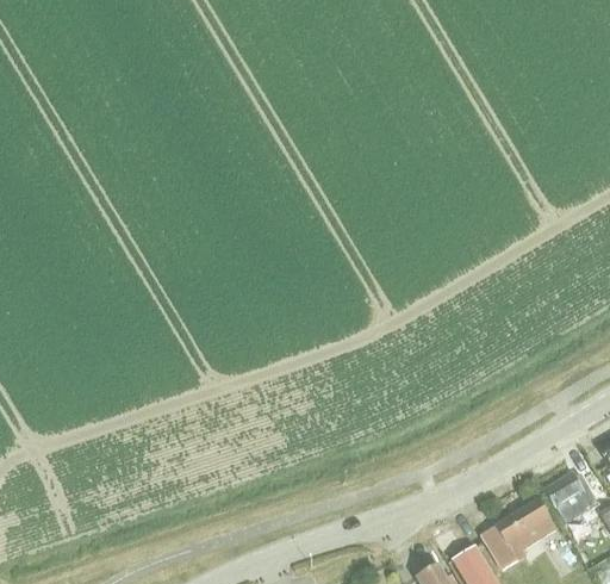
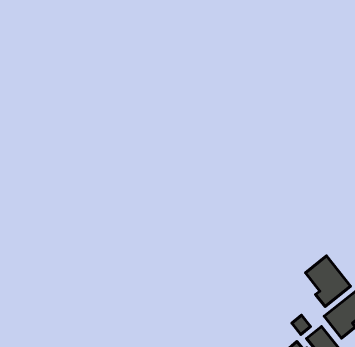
building: none -> [305,256,351,307]

